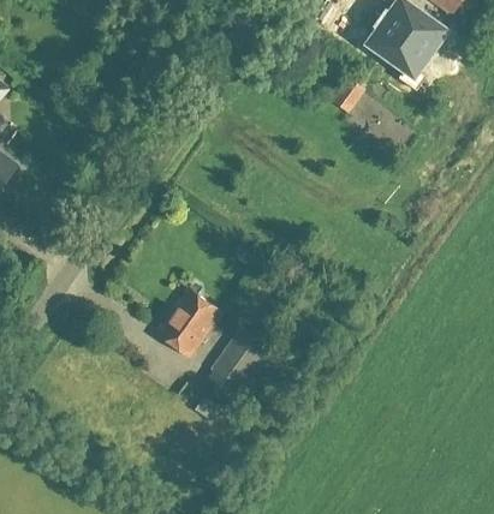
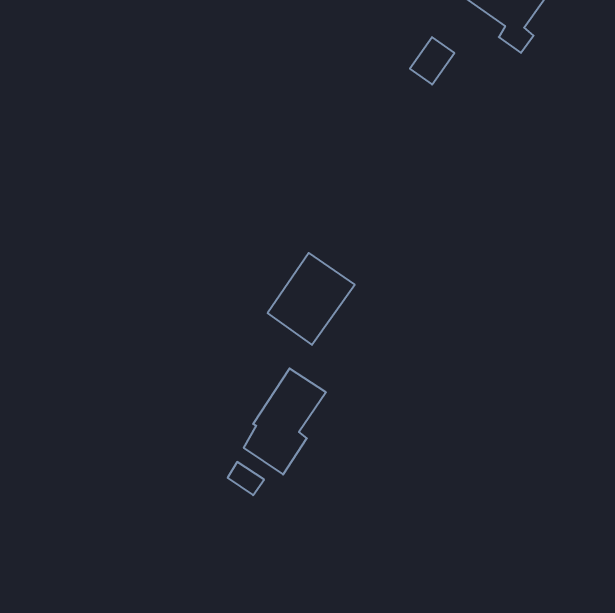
building: [156,286,222,355] -> [268,253,355,345]

